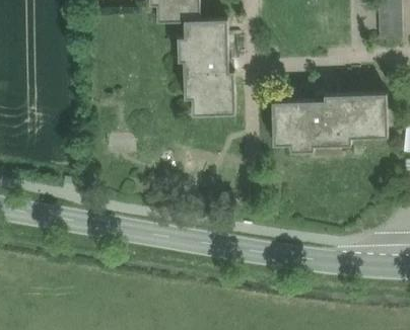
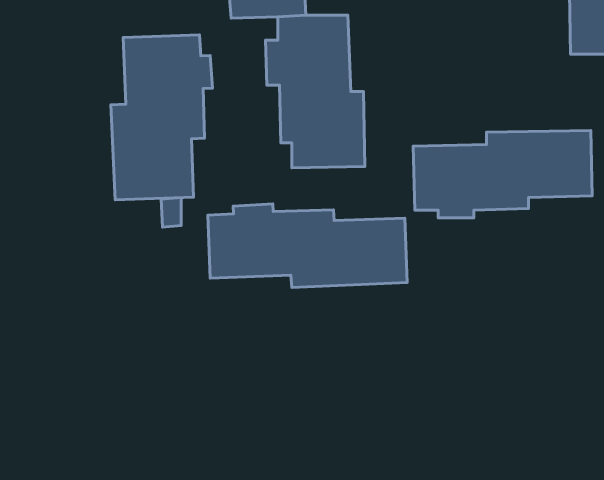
building: none -> [111,35,212,200]
building: none -> [208,204,407,287]

